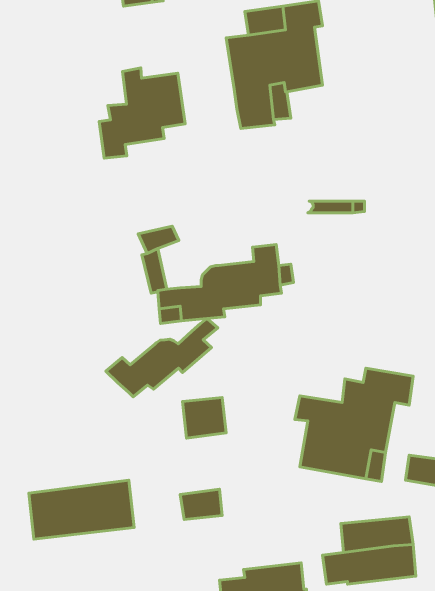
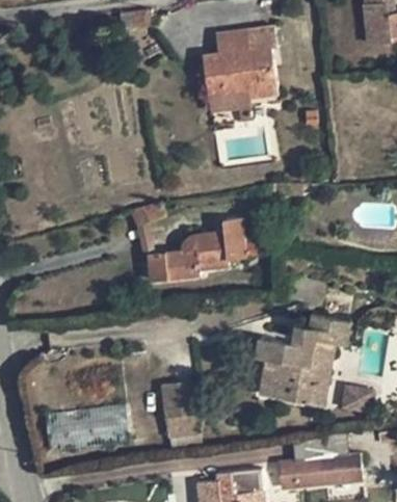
building: [99,68,185,158] -> none
building: [106,318,218,397] -> none
building: [183,397,226,438] -> [162,385,196,417]

